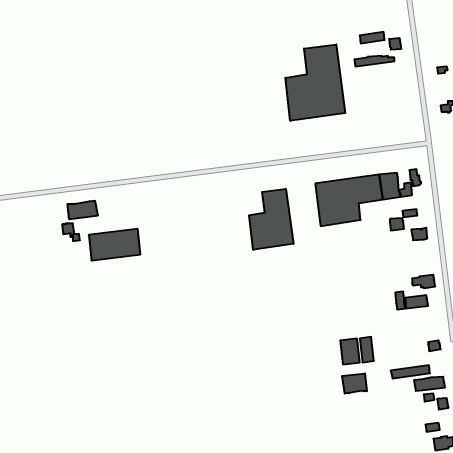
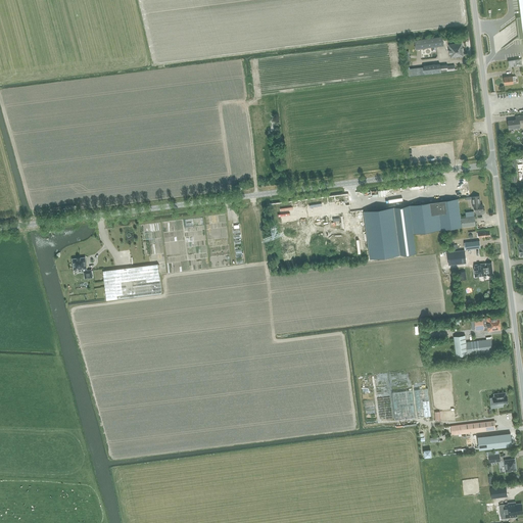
building: [285,44,345,121] -> none
building: [249,189,293,250] -> none
building: [67,201,98,219] -> none
building: [342,373,367,394] -> none

